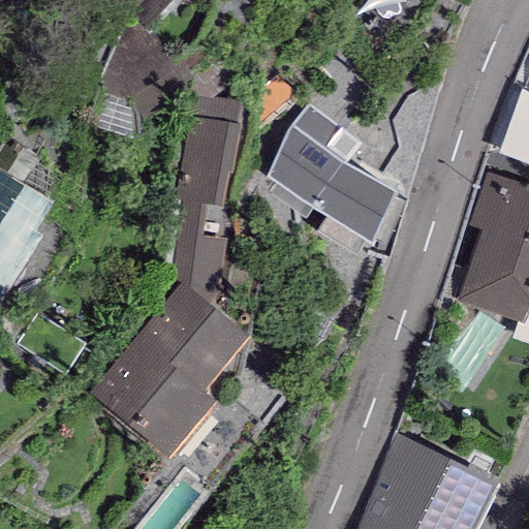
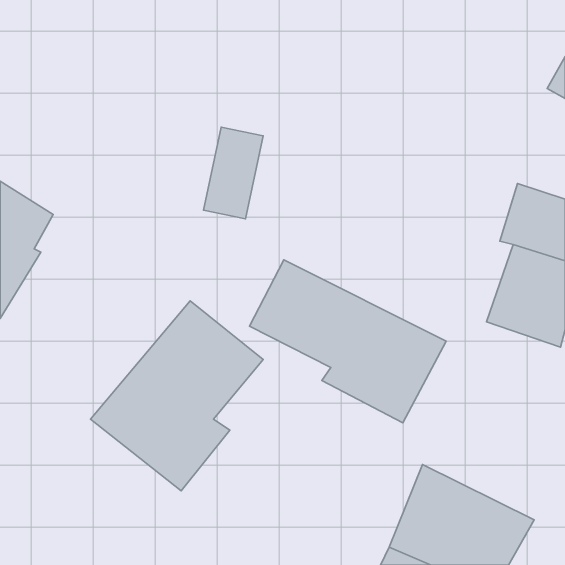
building: [289,102,406,255] -> none
building: none -> [249,260,446,423]

